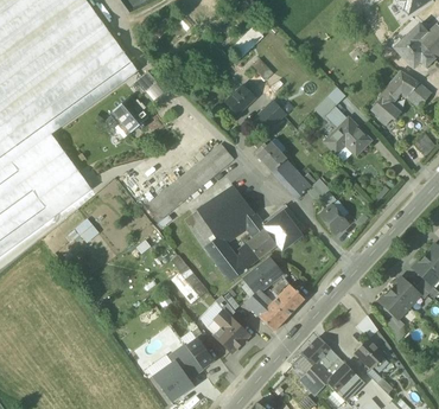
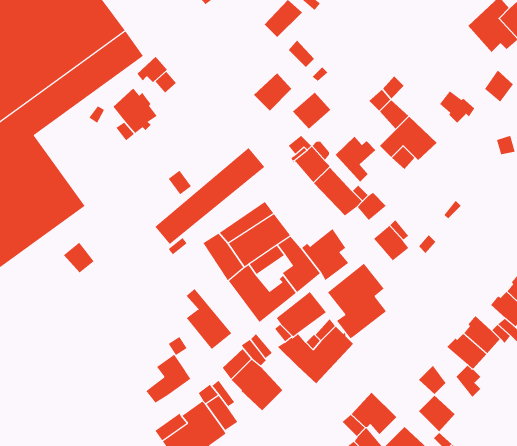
building: [378,71,418,106] -> none
building: none -> [335,136,376,183]
building: none -> [327,263,387,339]
building: none -> [146,354,191,403]

